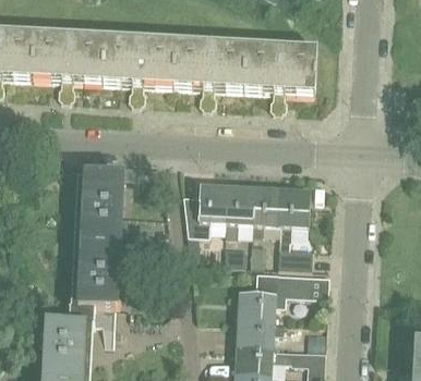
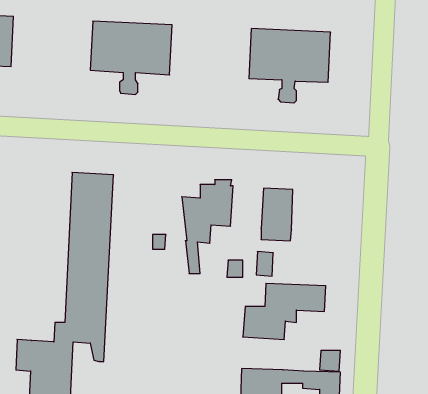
building: [29,32,103,98] -> none
building: [171,39,244,105] -> none
building: [225,183,255,235] -> none
building: [277,186,312,266] -> none
building: [236,318,274,347] -> none

